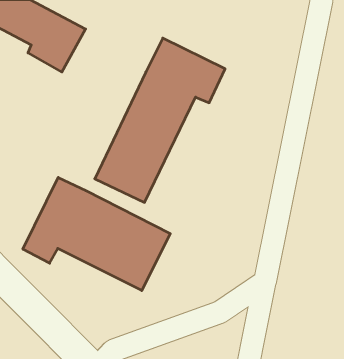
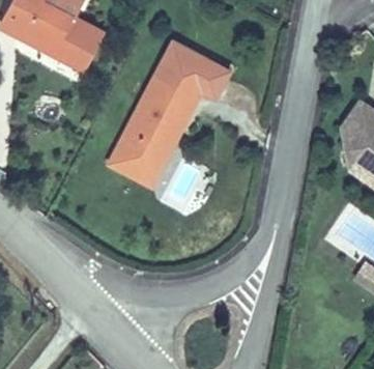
building: [23,177,170,291] -> none

